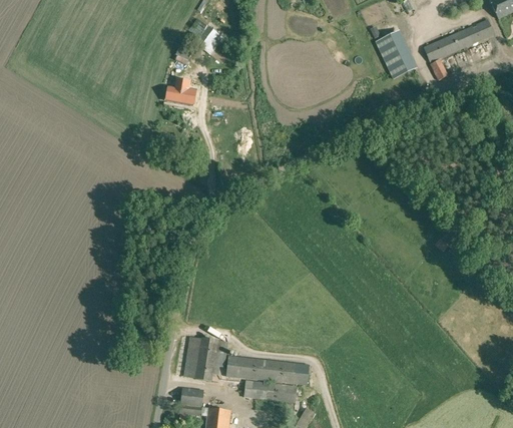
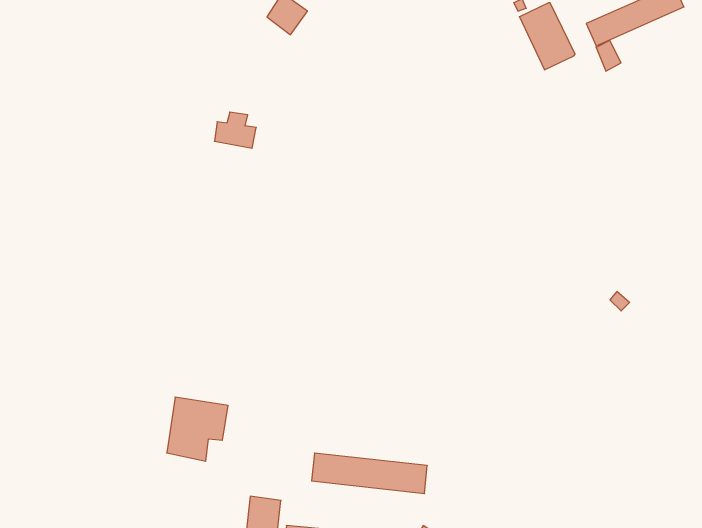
building: [165,79,195,105] -> [214,112,256,148]
building: [183,336,227,382] -> [167,397,228,461]
building: [243,380,297,403] -> none

